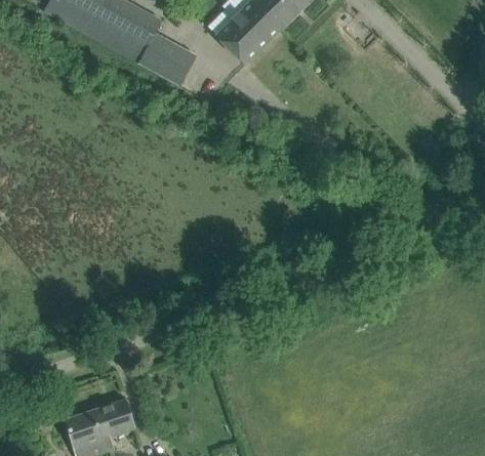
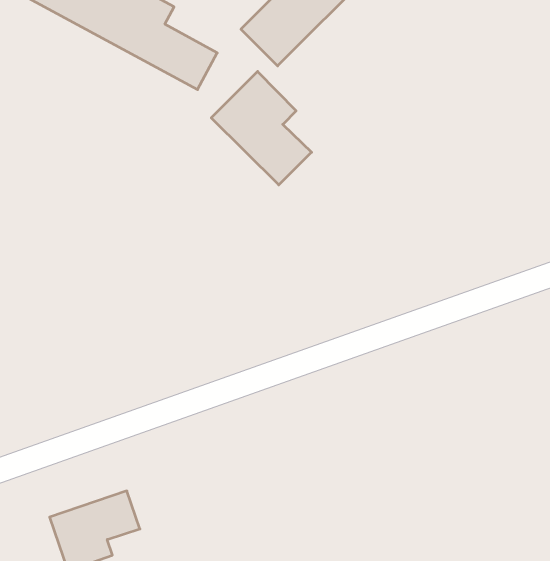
building: none -> [211,71,312,185]

